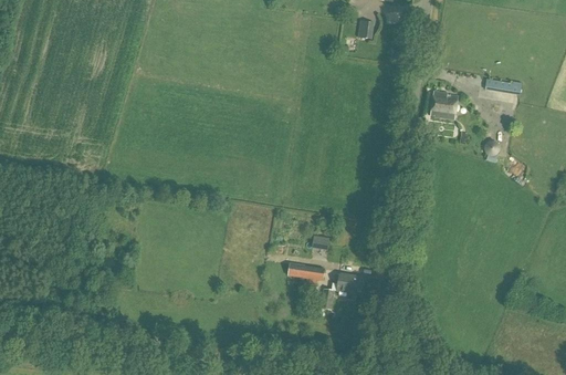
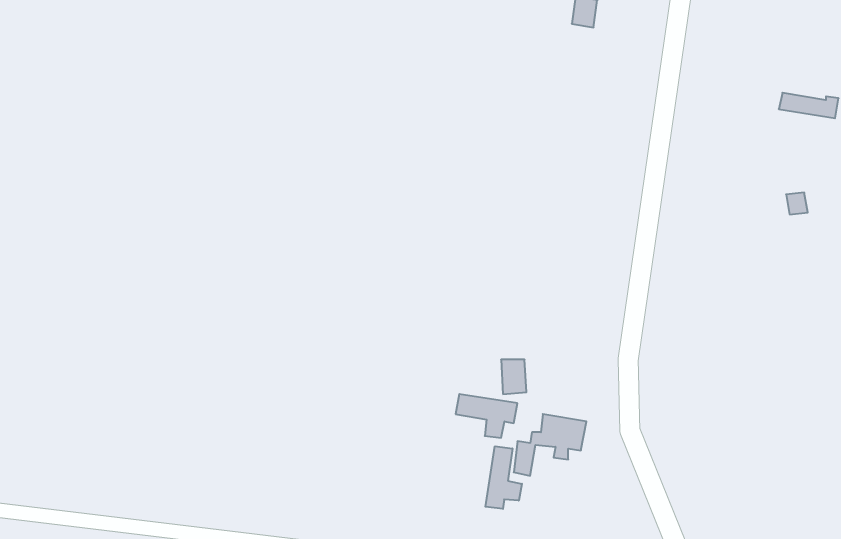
building: [430,91,458,118] -> none
building: none -> [485,446,522,509]

